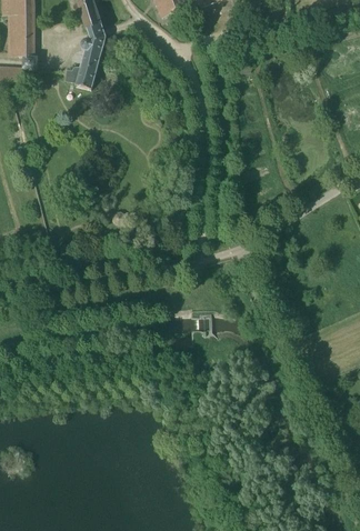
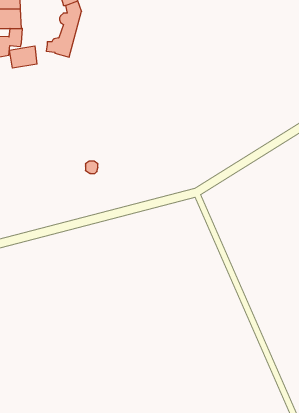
building: none -> [9,46,37,68]

